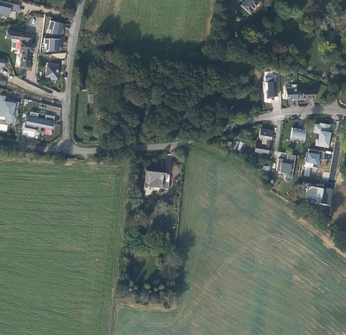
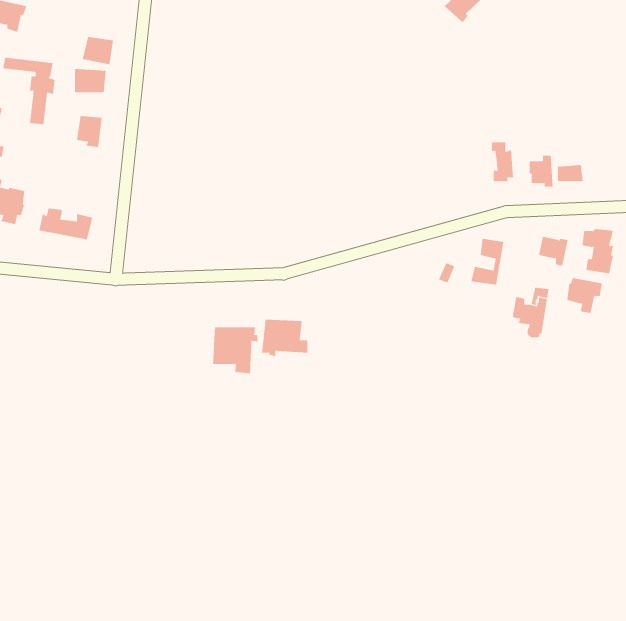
building: none -> [212,326,258,374]
building: [302,183,331,205] -> none

